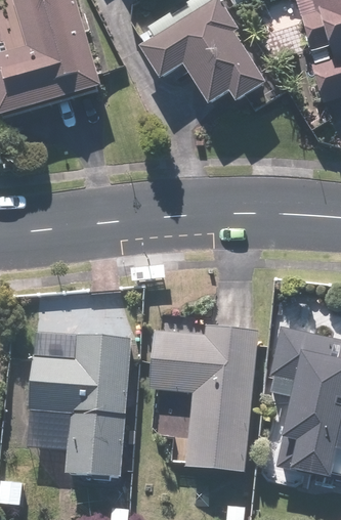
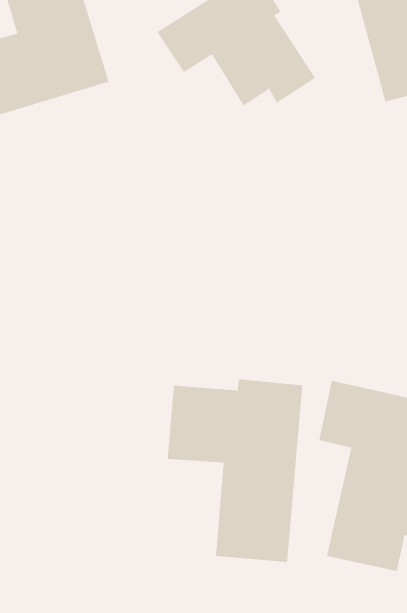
building: [28,332,130,476] -> none

